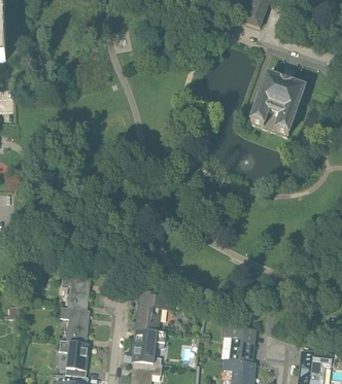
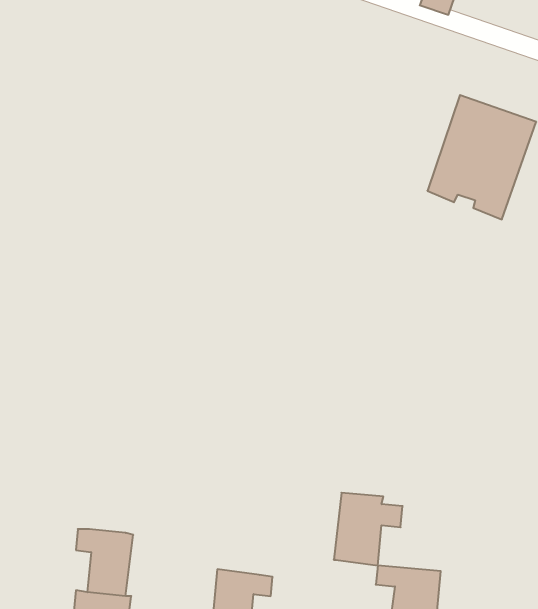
building: [60,273,91,308] -> none
building: [135,291,172,330] -> [334,493,403,565]

